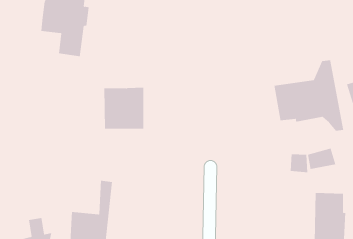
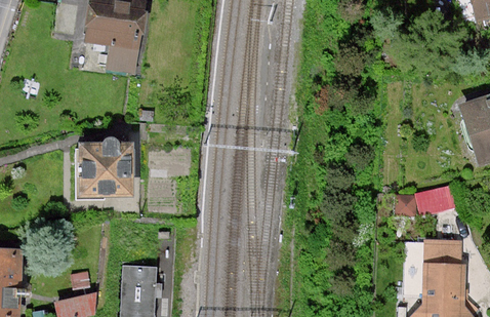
building: [274,60,344,132] -> none
building: [103,87,144,129] -> [78,144,128,196]

